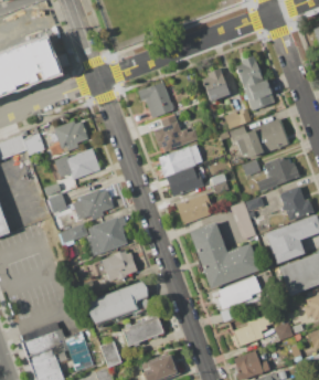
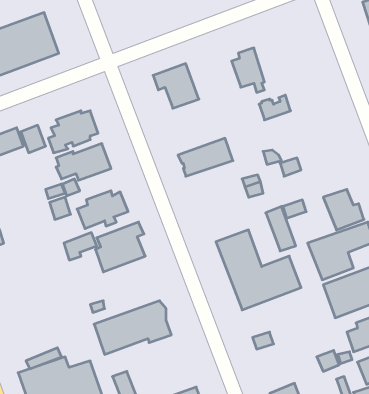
building: [237,55,276,112] -> none
building: [153,115,199,154] -> none
building: [228,118,289,159] -> none
building: [256,156,299,191] -> none
building: [167,167,205,197] -> none
building: [176,193,212,224] -> none
building: [102,249,139,281] -> none
building: [216,276,262,308] -> none
building: [233,314,273,346] -> none
building: [123,316,164,346] -> none

